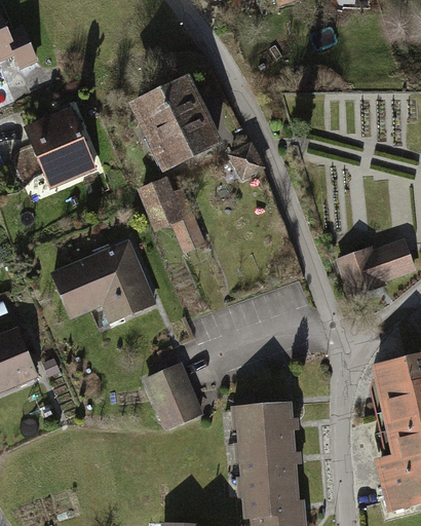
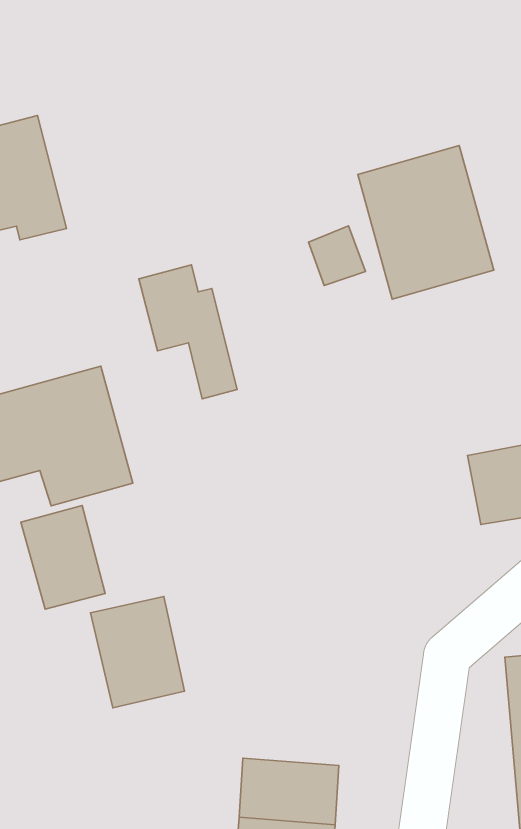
building: [135,79,218,170] -> [358,145,494,299]
building: none -> [21,506,105,609]
building: [234,391,292,445] -> none

